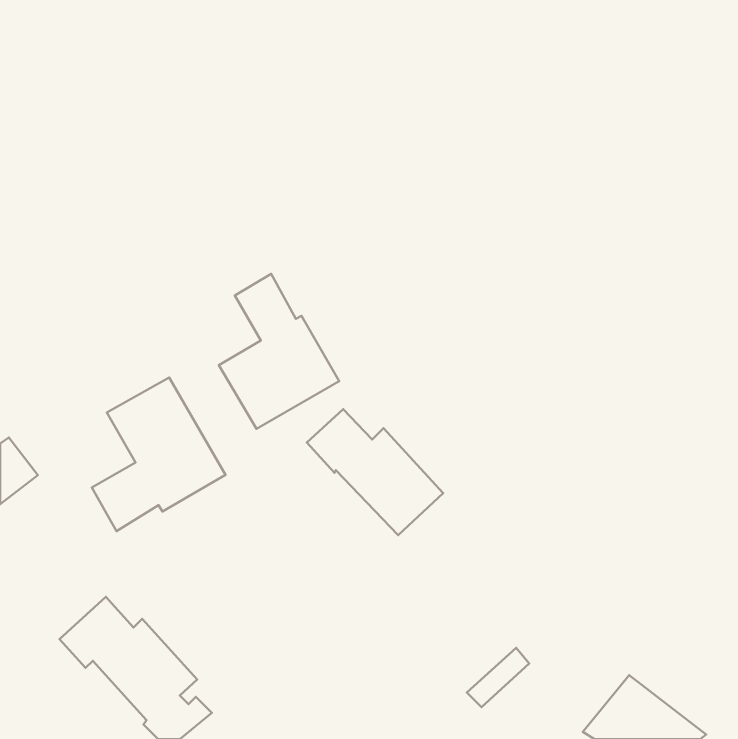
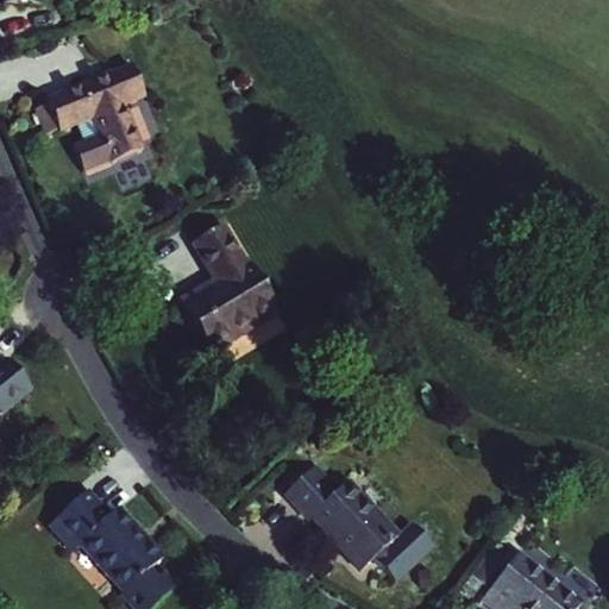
building: none -> [38,65,146,174]
building: [92,377,226,531] -> none
building: [307,409,443,535] -> [287,466,398,570]

